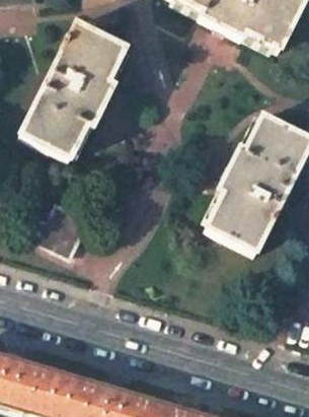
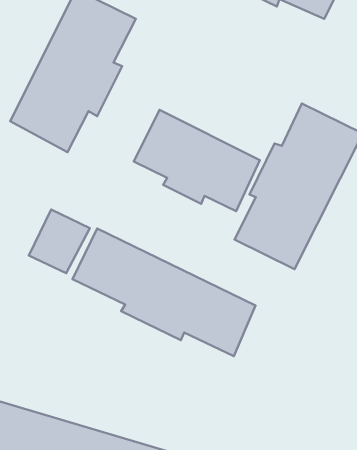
building: none -> [134,110,260,211]
building: none -> [73,229,256,356]

